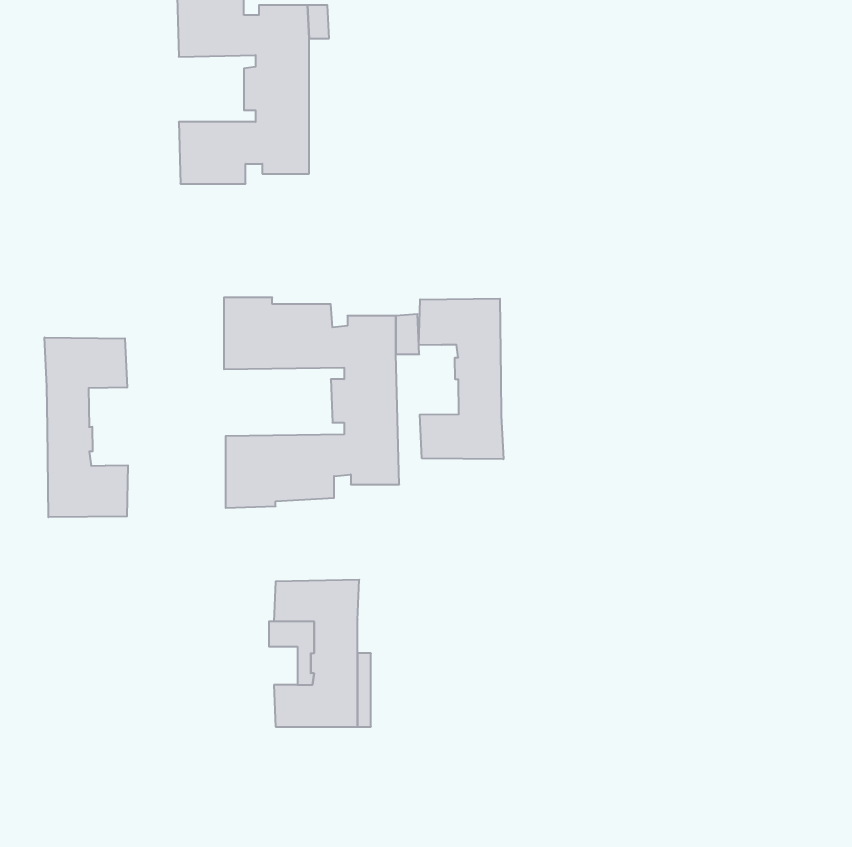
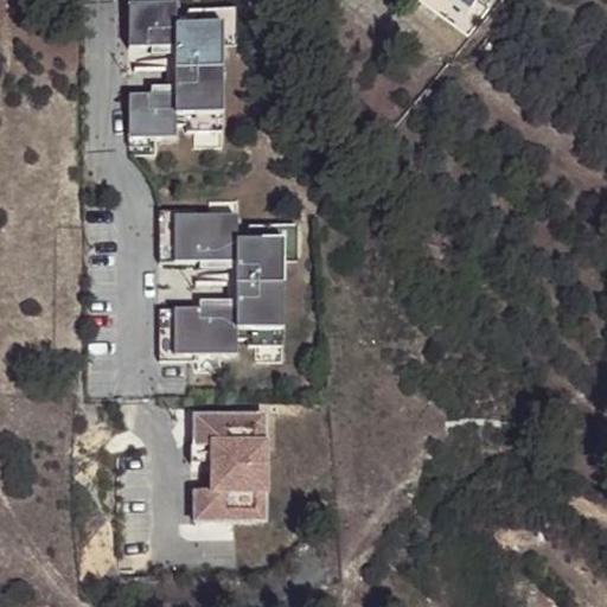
building: [419,299,503,459] -> none
building: [45,337,128,517] -> none

